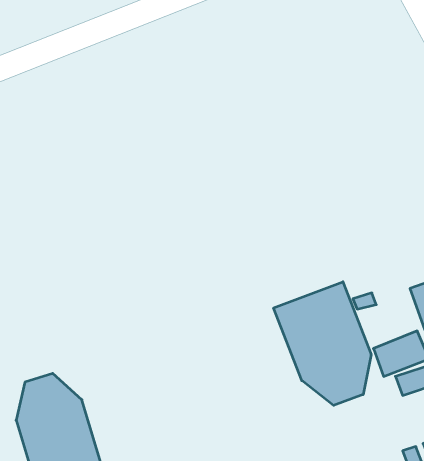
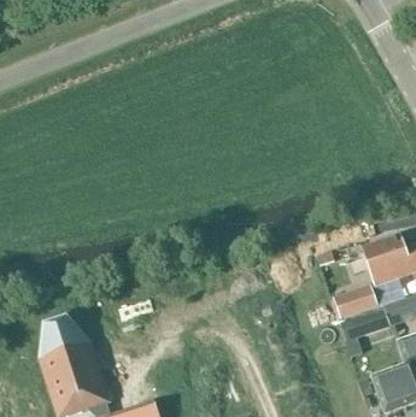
building: [274,282,371,405] -> none

